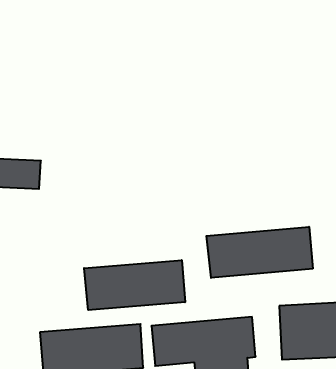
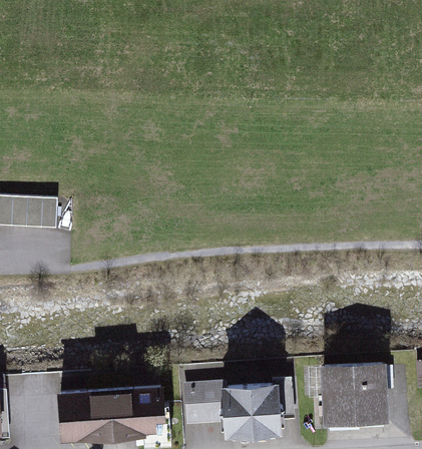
building: [206,227,313,278] -> none
building: [84,260,185,310] -> none

